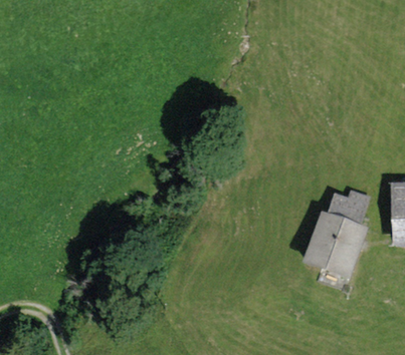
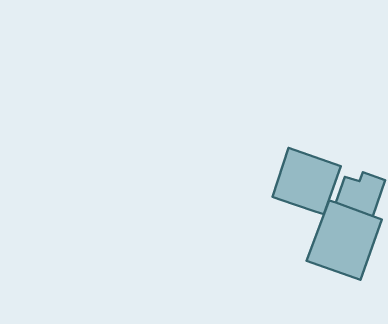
building: none -> [272,148,341,214]

